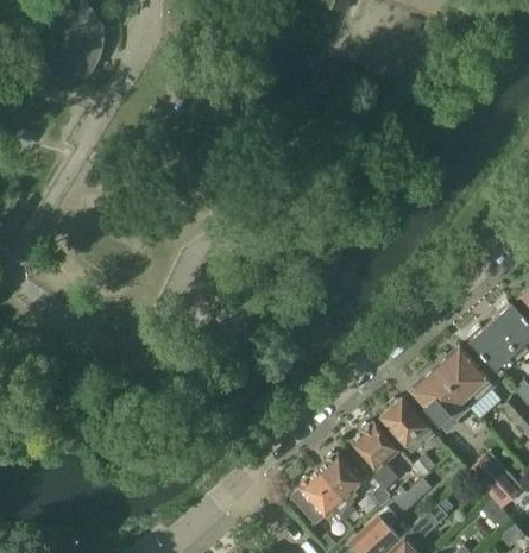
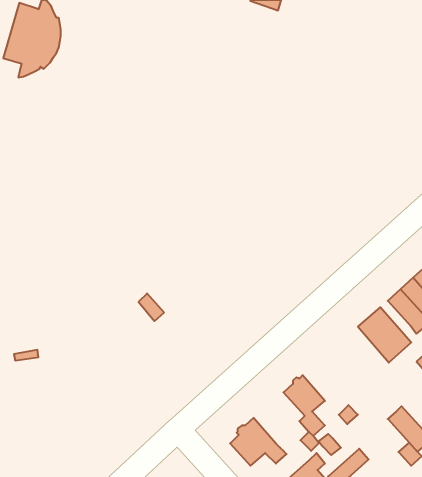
building: [411,367,471,435] -> none
building: [382,396,435,452] -> none
building: [320,452,365,507] -> none

